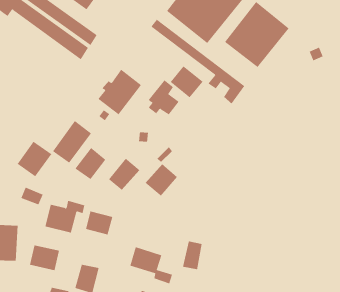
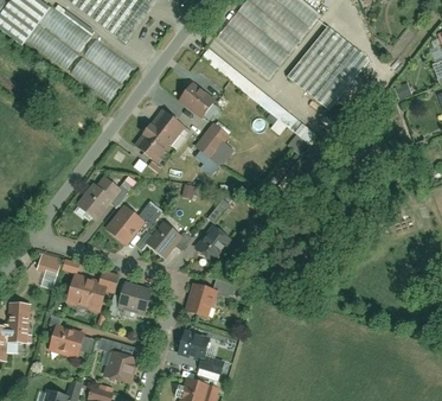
building: [170,65,204,98] -> [177,81,218,121]
building: [17,141,52,177] -> none
building: [182,241,203,270] -> [187,281,212,317]

